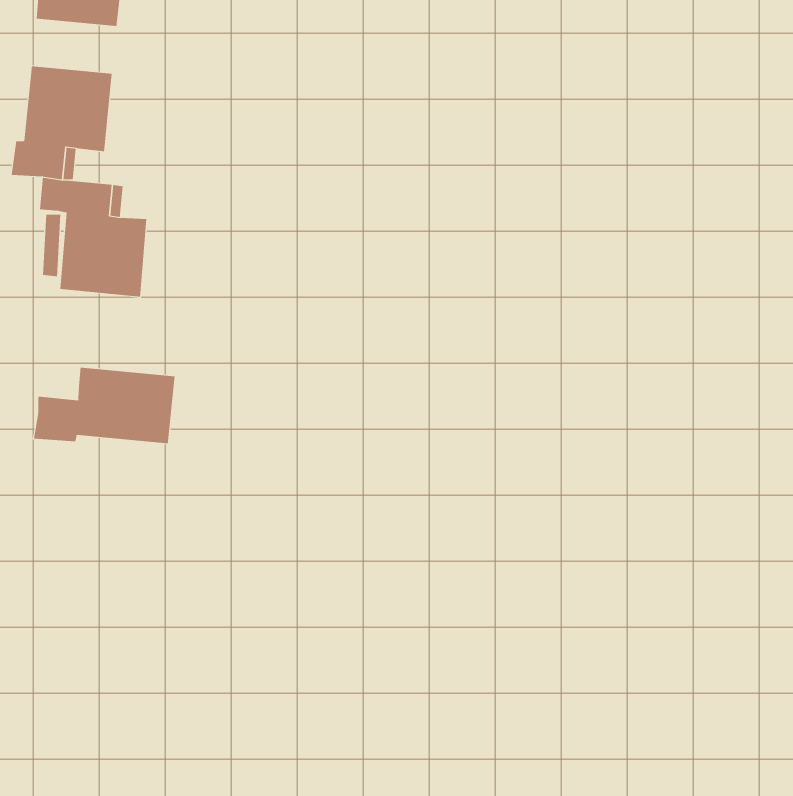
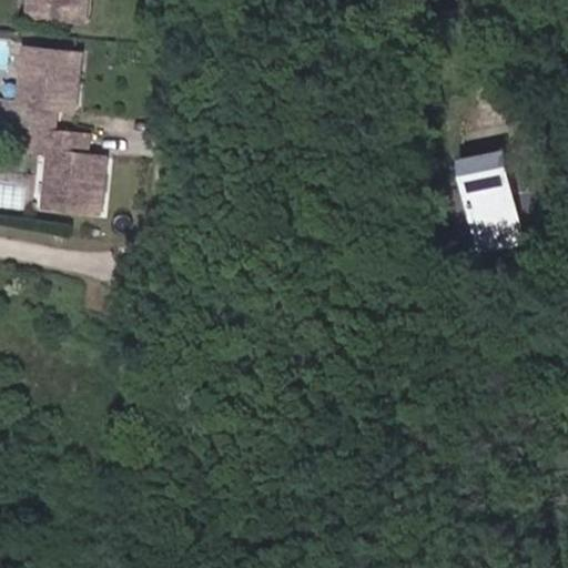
building: none -> [459,151,523,250]
building: [33,367,175,444] -> none

